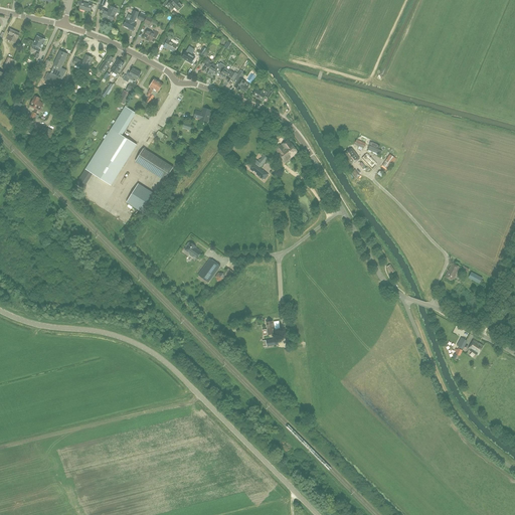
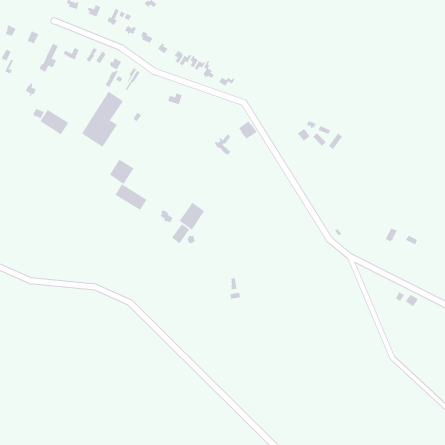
building: [134,148,172,179] -> [114,183,148,210]
building: [84,154,119,184] -> [39,109,69,135]
building: none -> [179,202,205,231]

